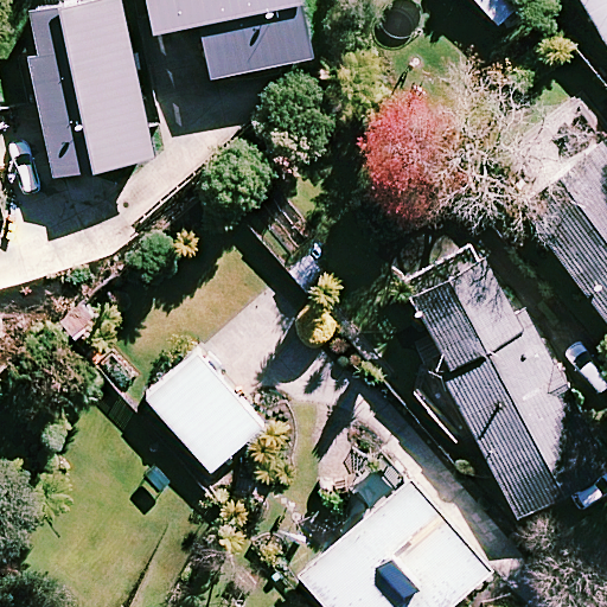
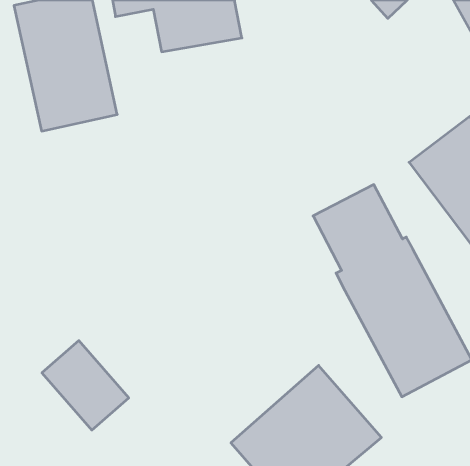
building: [148,359,260,474] -> [42,341,129,430]

